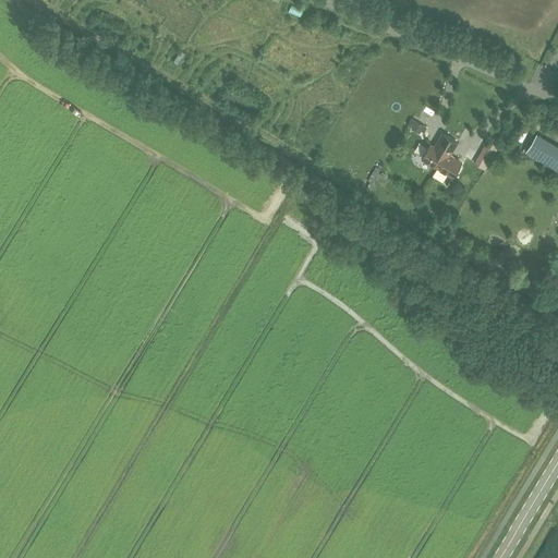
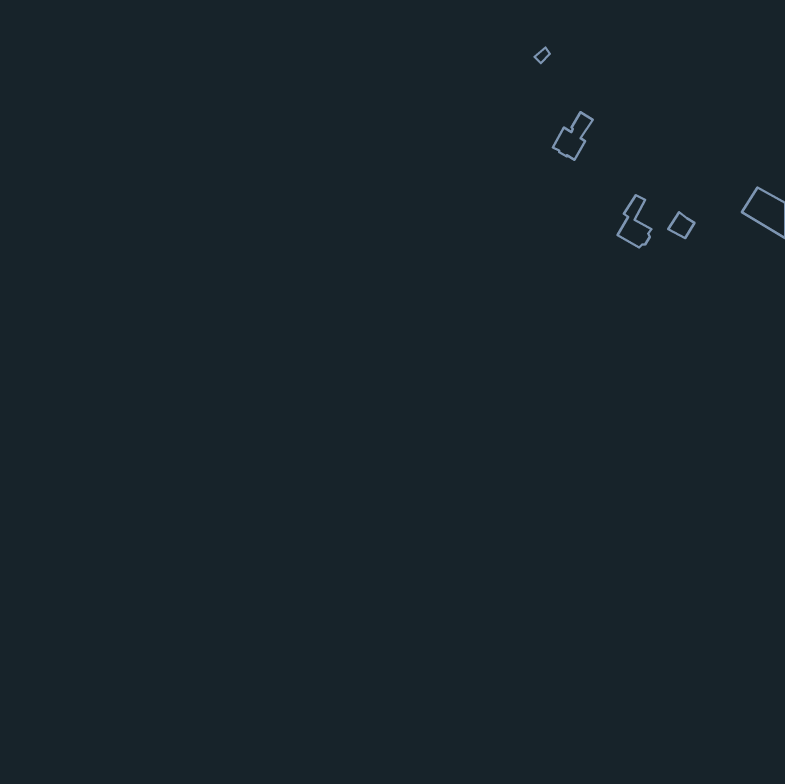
building: [423,134,451,168] -> [553,112,593,160]

